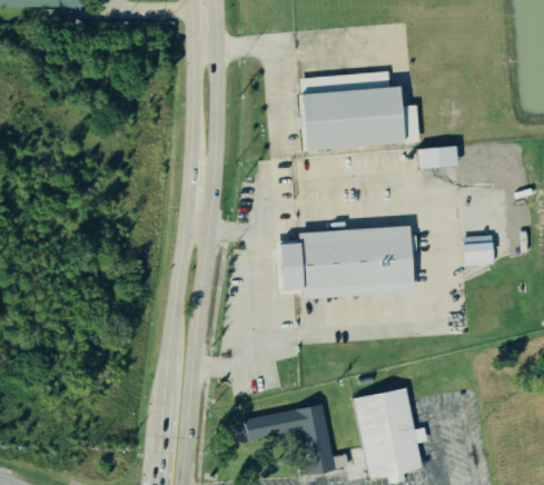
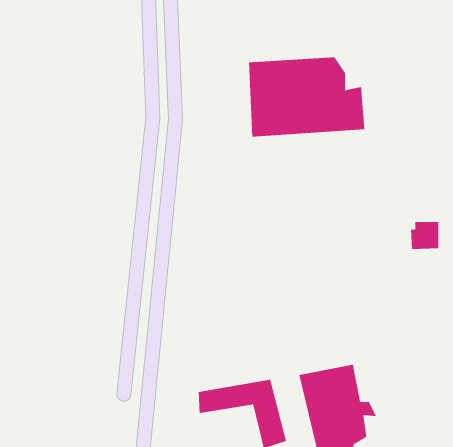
building: [421,149,459,170] -> none
building: [271,224,413,299] -> none

